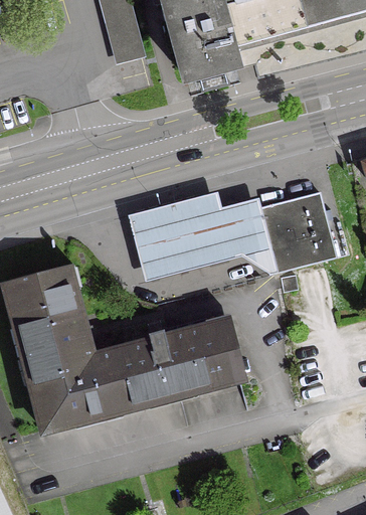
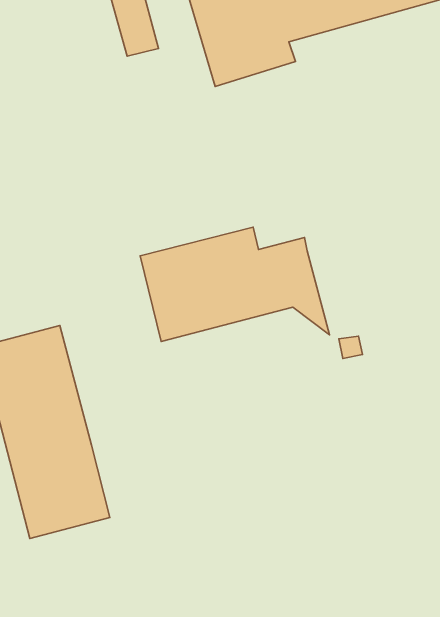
building: [254,192,335,274] -> none
building: [89,315,237,413] -> none

